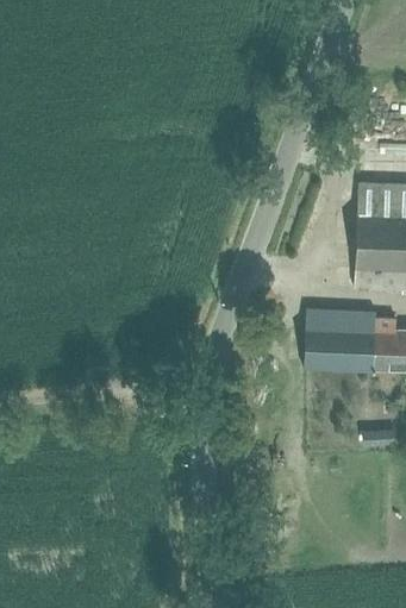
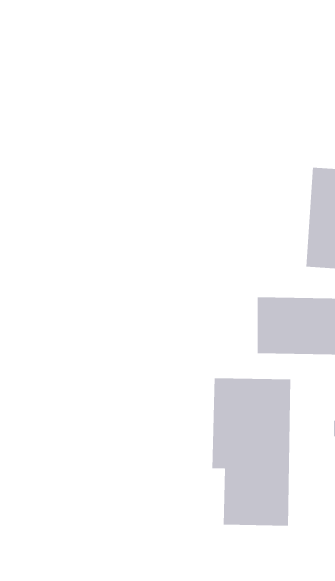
building: none -> [212,377,291,526]

